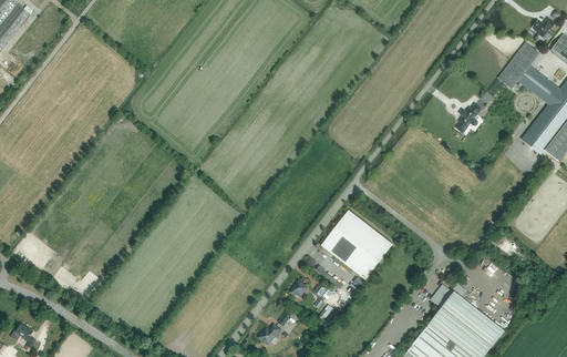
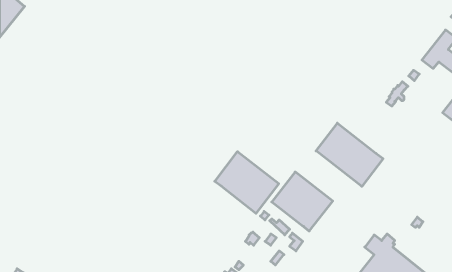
building: none -> [316,123,383,186]
building: none -> [215,152,279,213]

